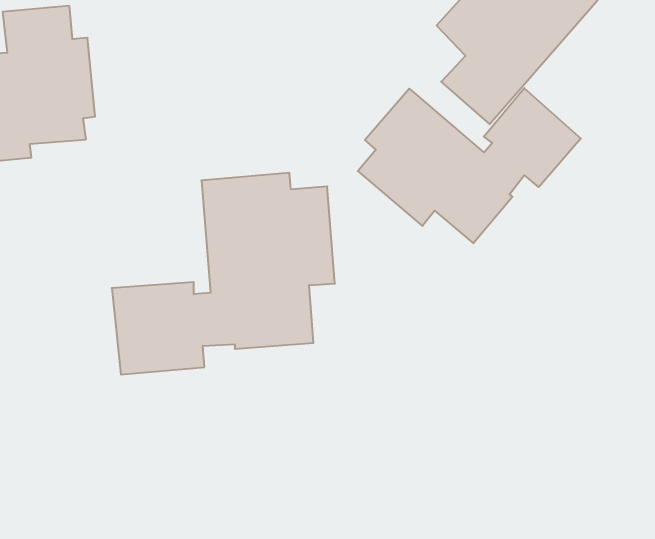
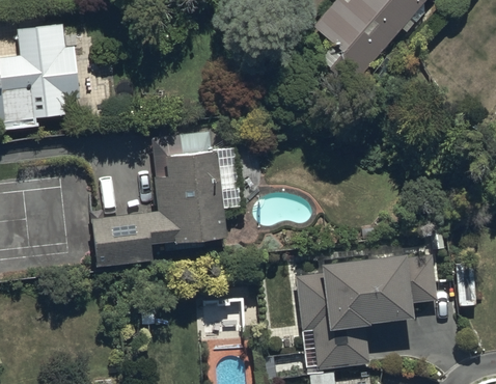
building: [358,88,581,243] -> none
building: none -> [295,246,437,359]

